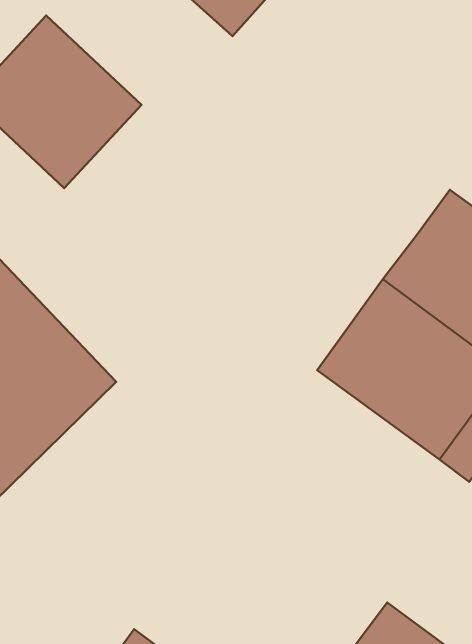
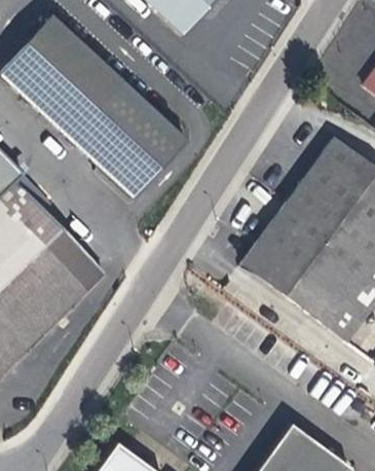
building: none -> [67,80,185,198]

